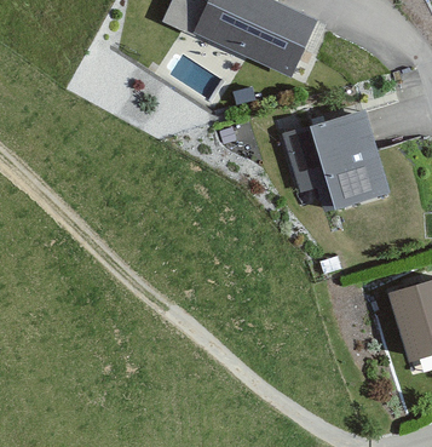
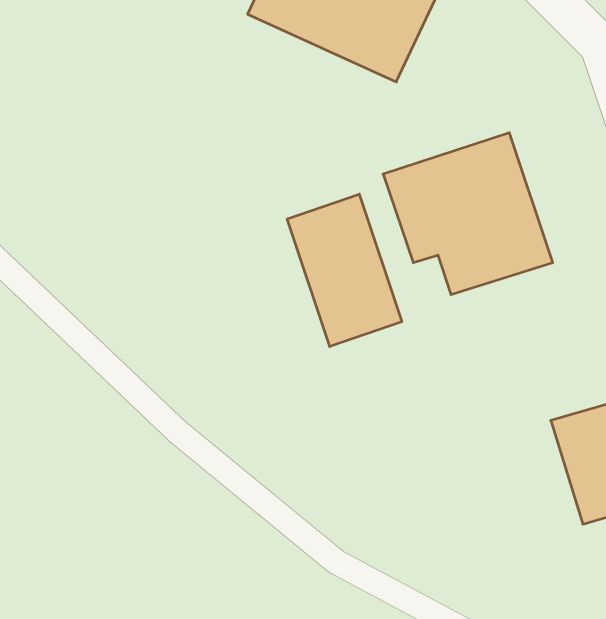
building: none -> [287,194,402,347]

